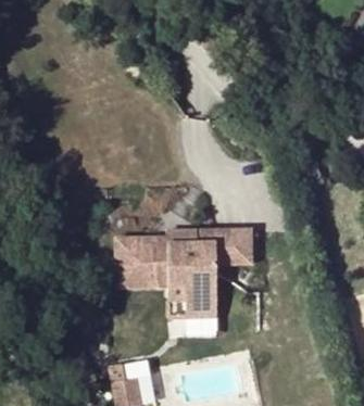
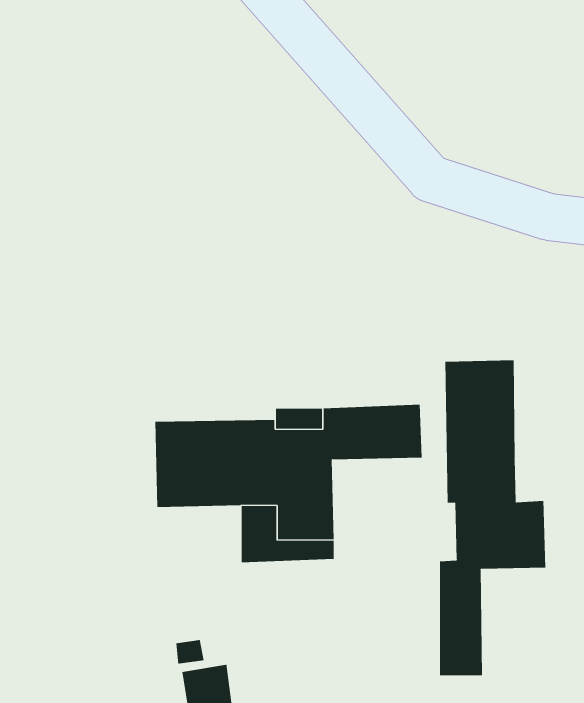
building: none -> [439,359,546,676]

